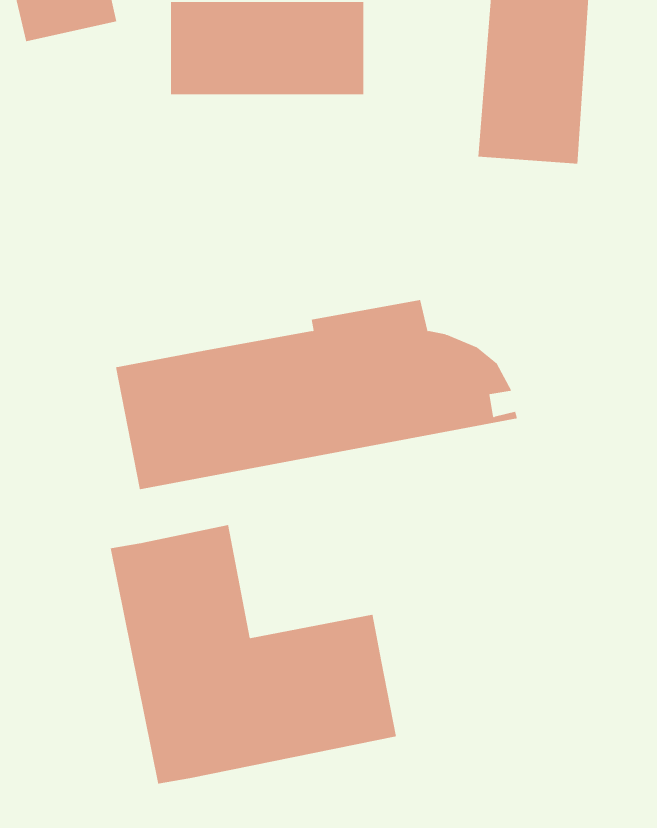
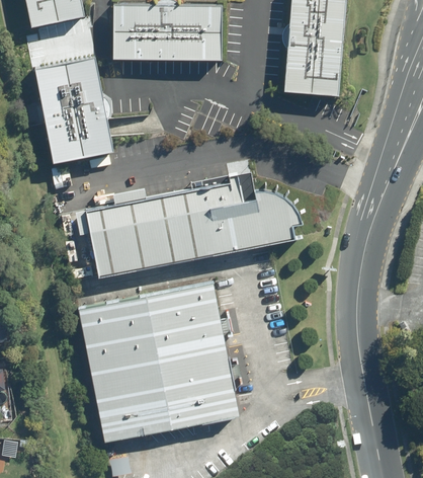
building: none -> [34,57,113,161]
building: none -> [146,284,226,360]

